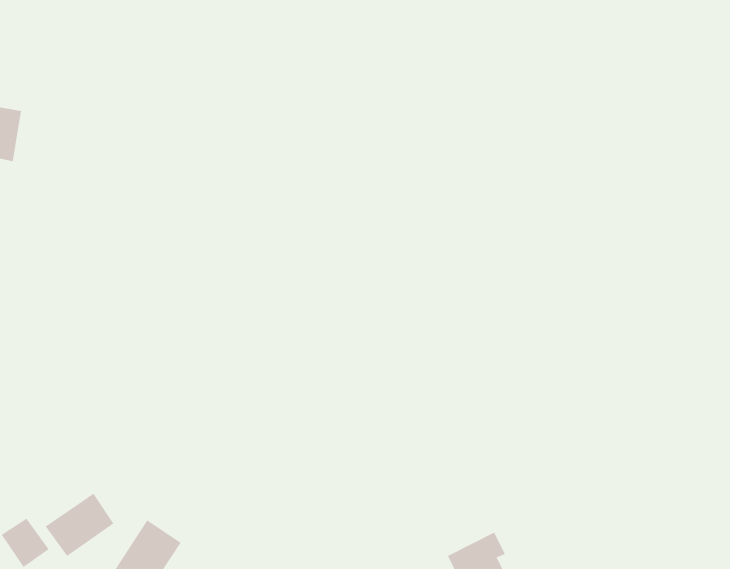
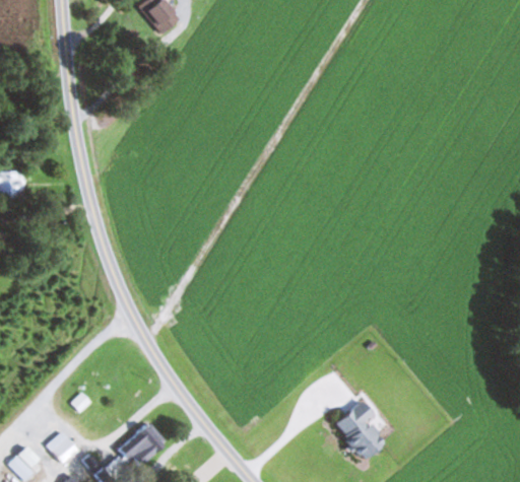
building: [45,493,114,557] -> none

